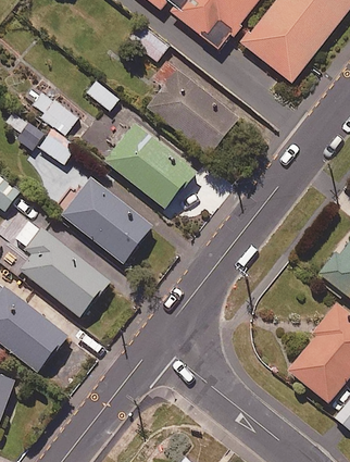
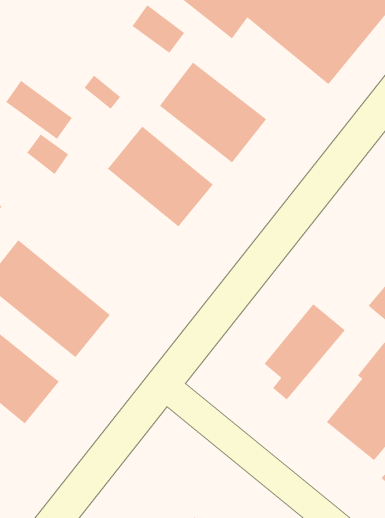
building: [62,176,153,262] -> none
building: none -> [263,303,346,400]

